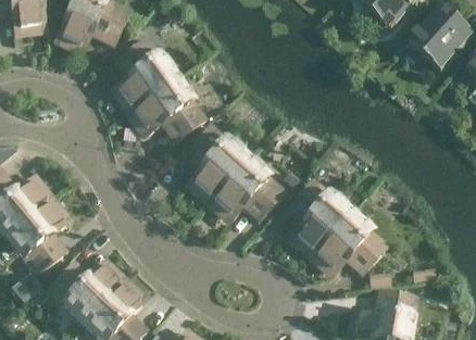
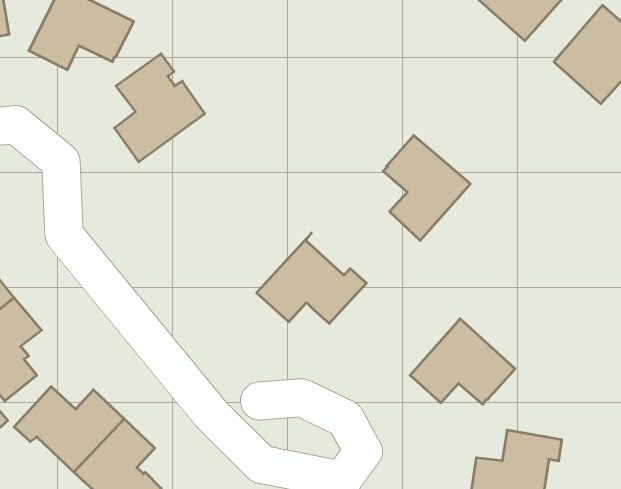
building: [130,78,204,141] -> none
building: [185,126,247,199] -> none
building: [288,184,347,254] -> [383,135,470,241]

